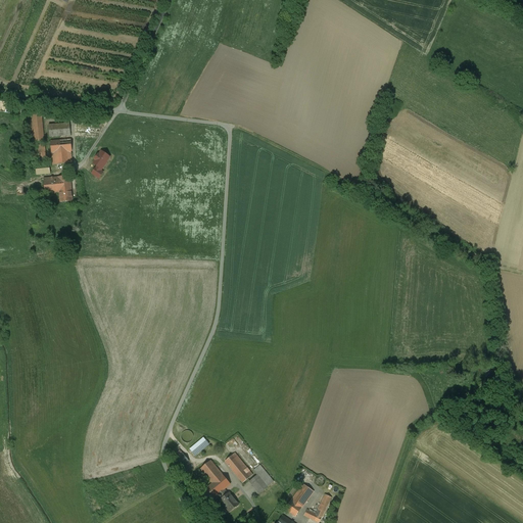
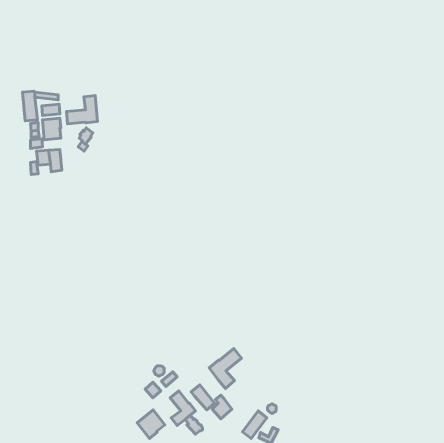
building: none -> [66,96,97,124]
building: none -> [209,349,242,388]
building: none -> [137,410,165,438]

